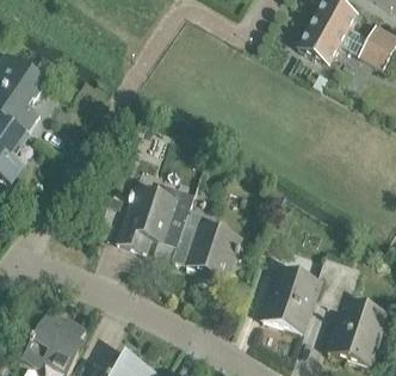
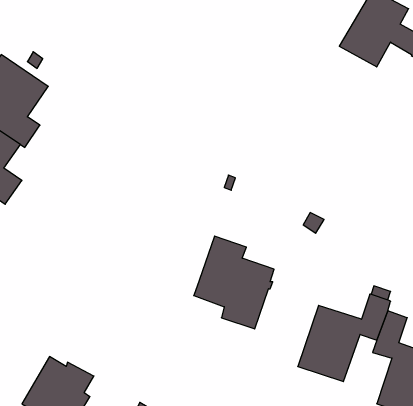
building: [117,184,194,251] -> none

